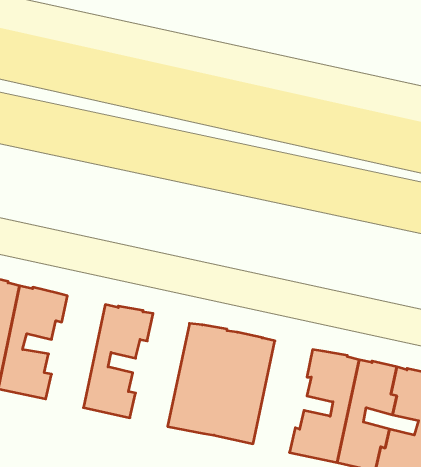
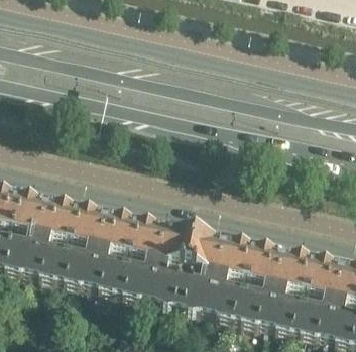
building: none -> [62,209,104,287]
building: none -> [120,222,162,301]
building: none -> [207,241,248,319]

